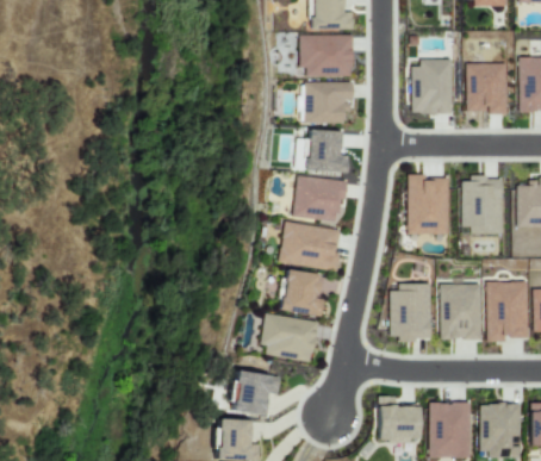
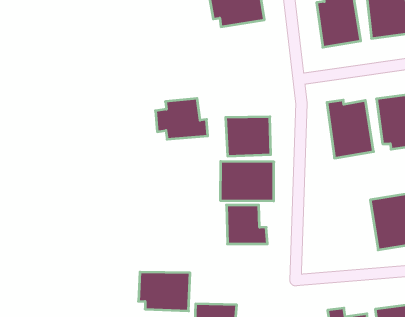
building: [304,81,353,124] -> none
building: [296,130,350,173] -> [155,98,208,139]
building: [391,284,433,339] -> none
building: [260,313,319,362] -> [138,272,190,311]

